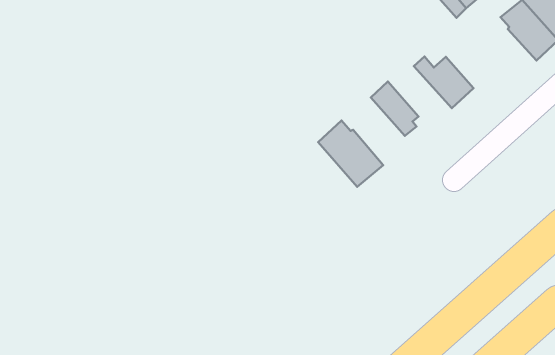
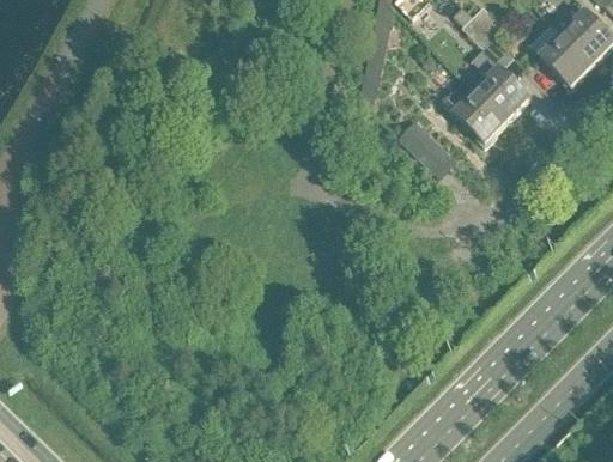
building: none -> [475,56,529,121]
building: [318,120,383,187] -> none

